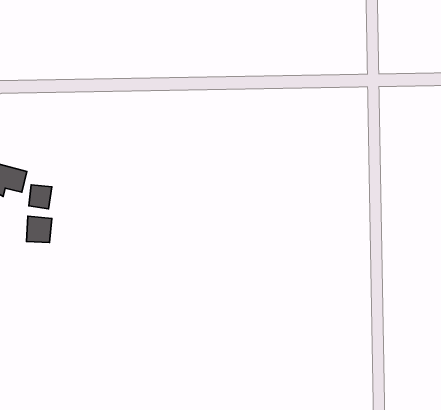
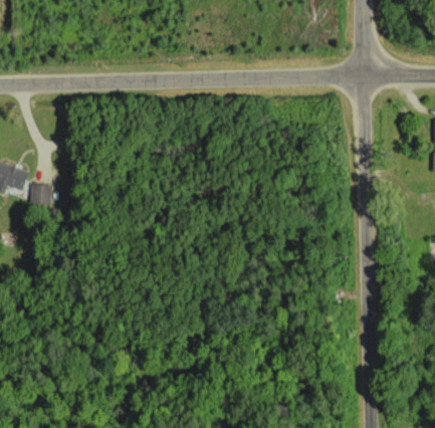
building: [26,216,52,243] -> none

